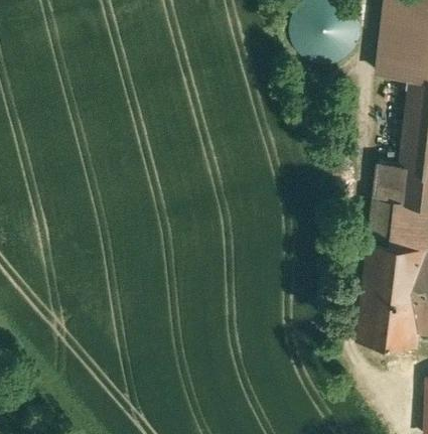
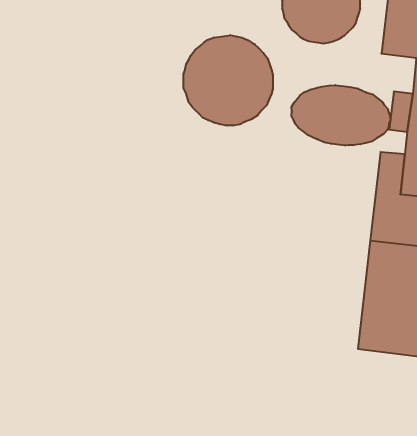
building: none -> [184,35,273,126]
building: none -> [291,85,390,146]

